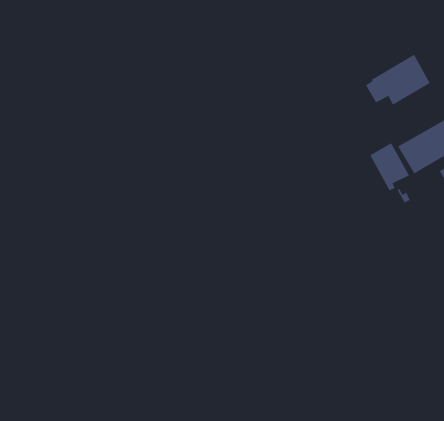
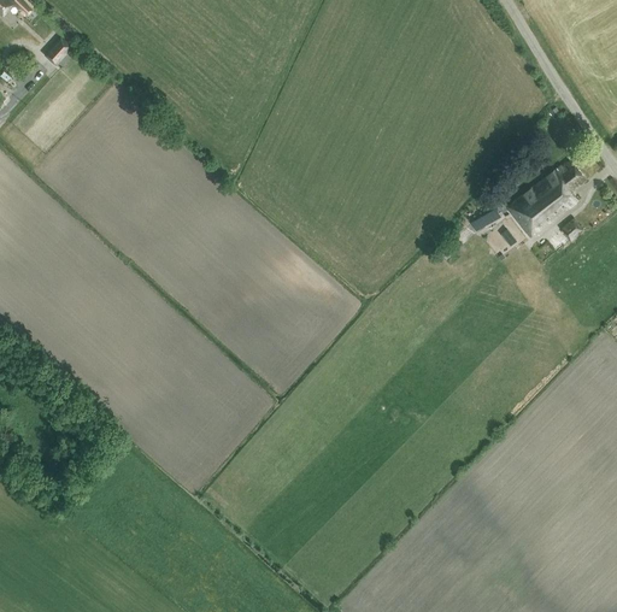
building: [365,54,431,105] -> none

